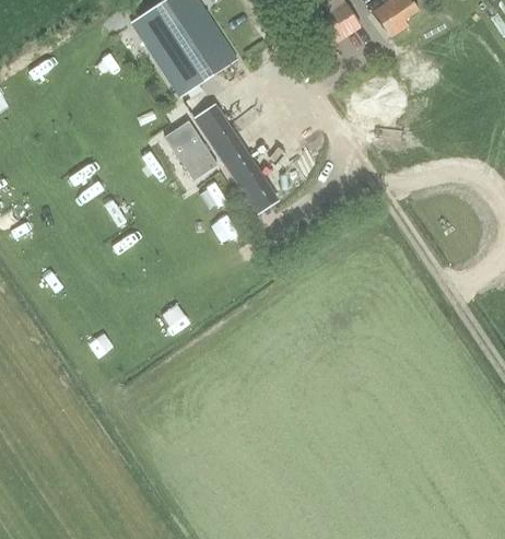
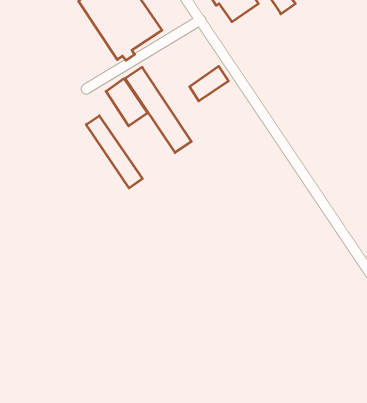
building: none -> [190,66,228,101]
building: none -> [86,116,142,188]

